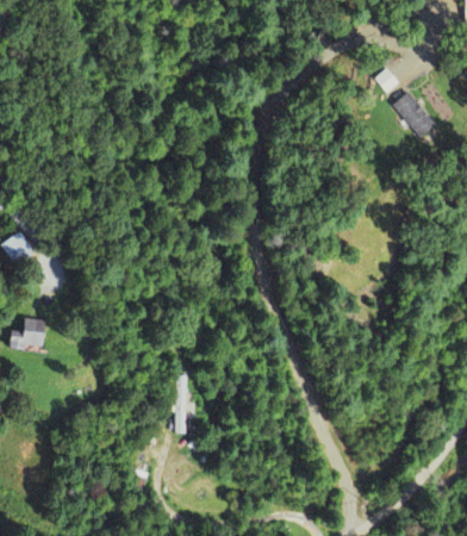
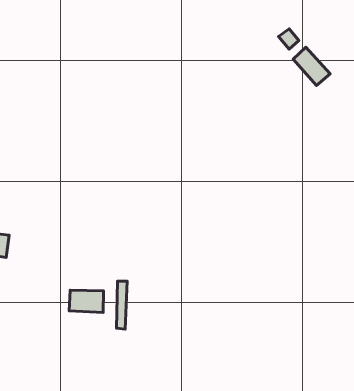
building: none -> [69,290,103,312]

